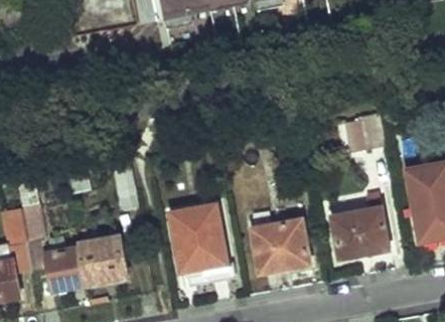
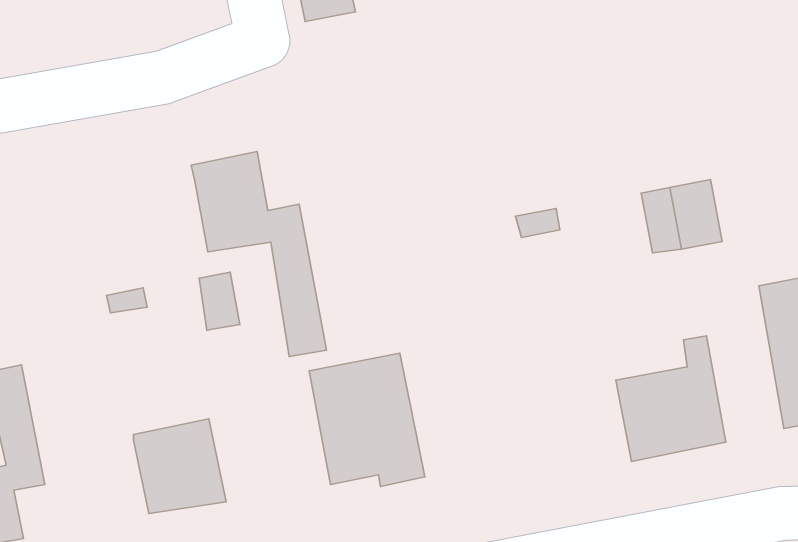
building: none -> [191,151,327,356]
building: [20,205,87,292] -> none
building: [251,219,309,273] -> none

